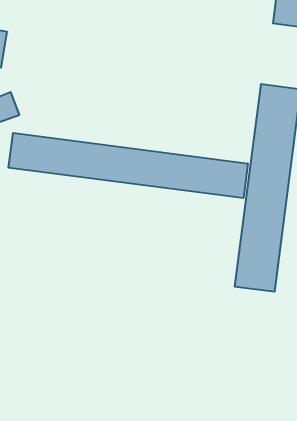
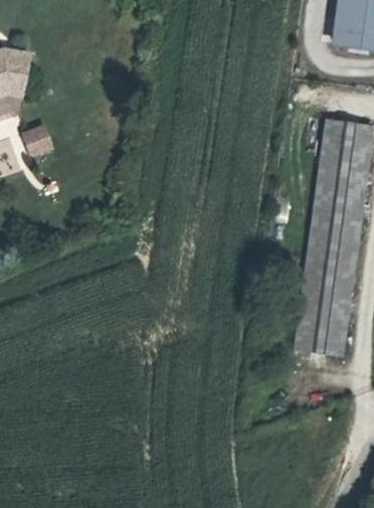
building: [9,133,248,198] -> none

